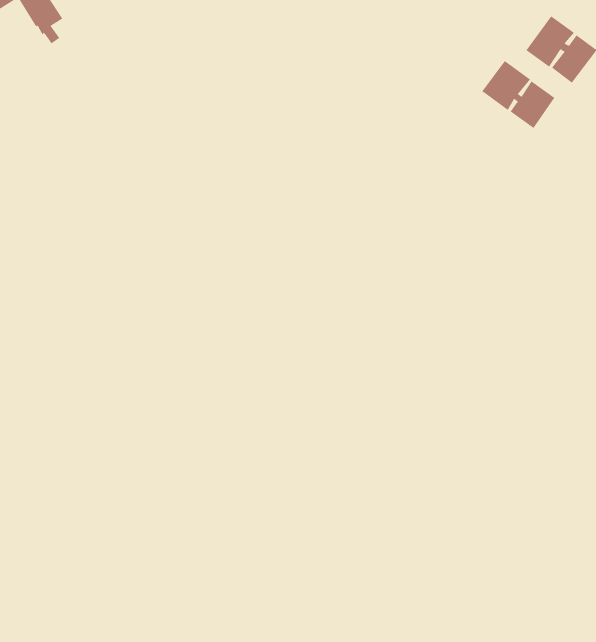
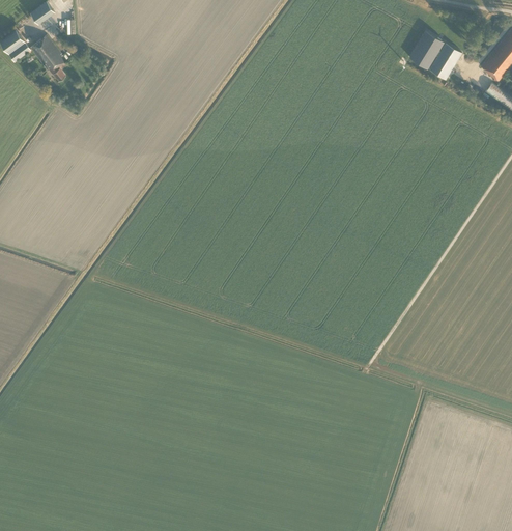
building: [482,60,555,129] -> none

